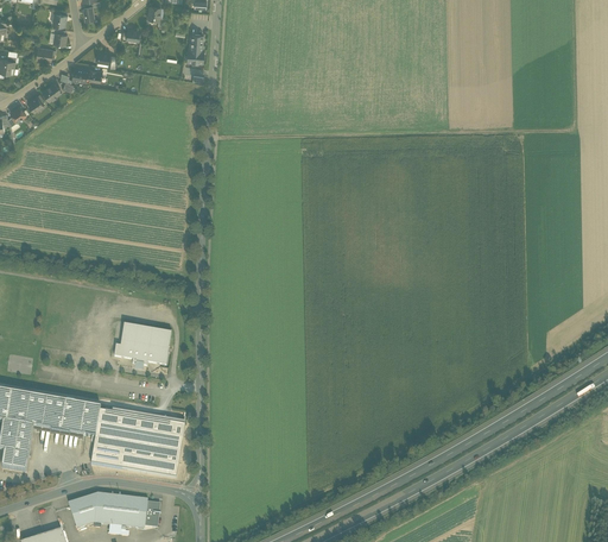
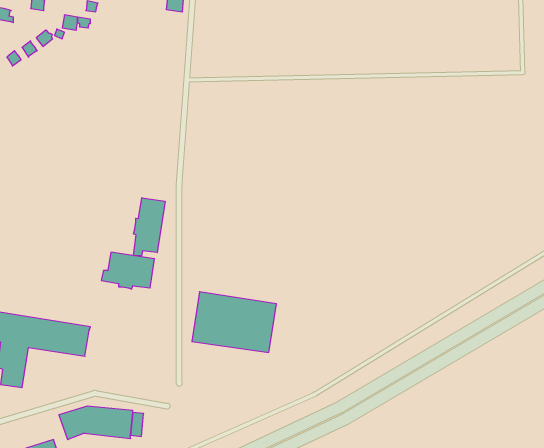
building: none -> [133,198,165,256]
building: [91,406,184,473] -> [192,292,276,352]

